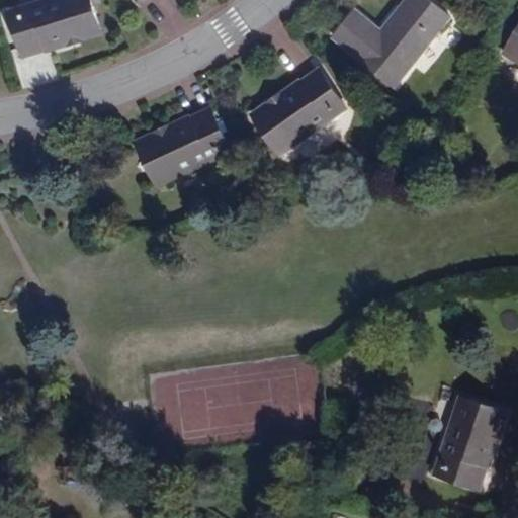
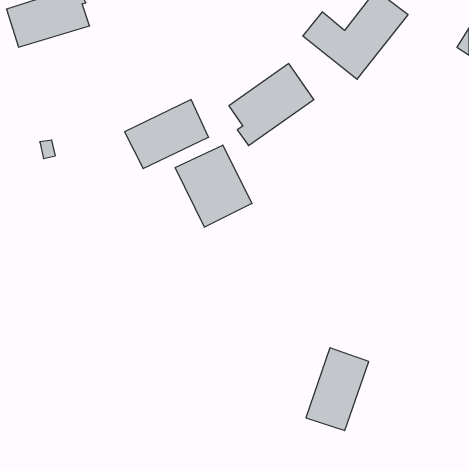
building: none -> [175,145,252,227]
building: [432,399,501,490] -> [306,348,369,431]

